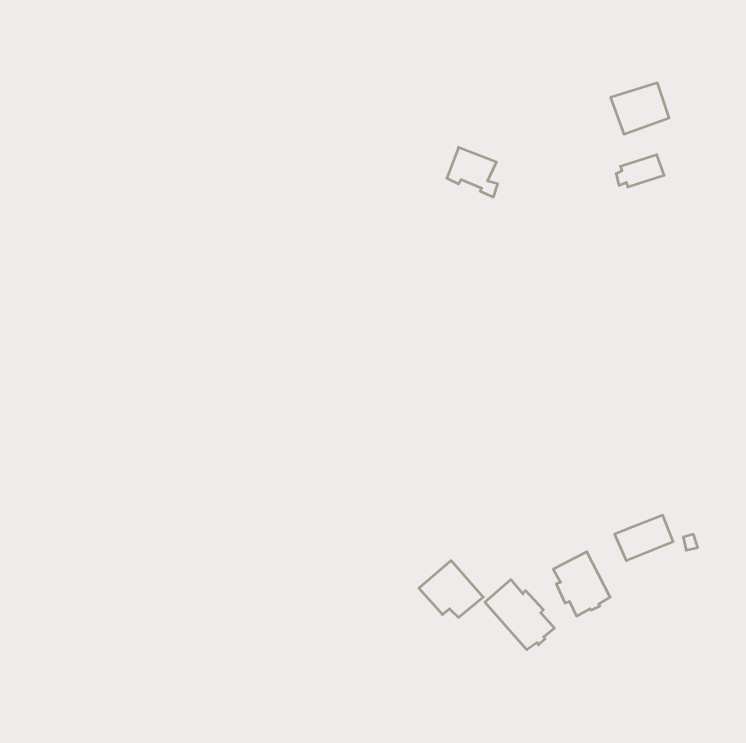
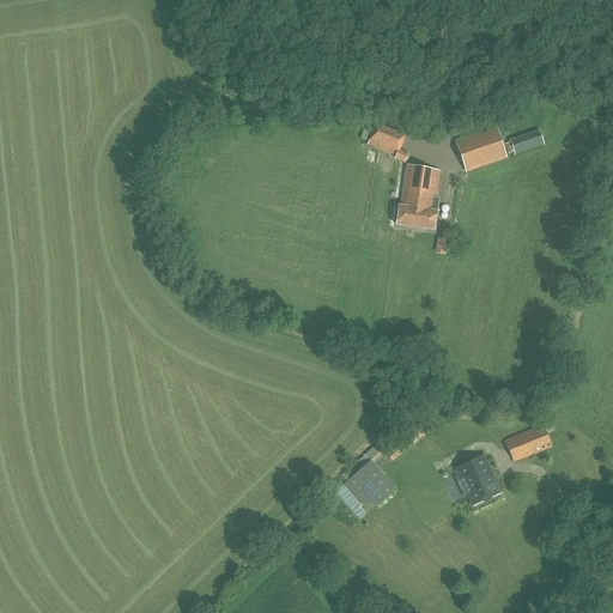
building: [611,83,669,134] -> [456,127,504,169]
building: none -> [396,164,439,229]
building: [485,580,554,650] -> none

